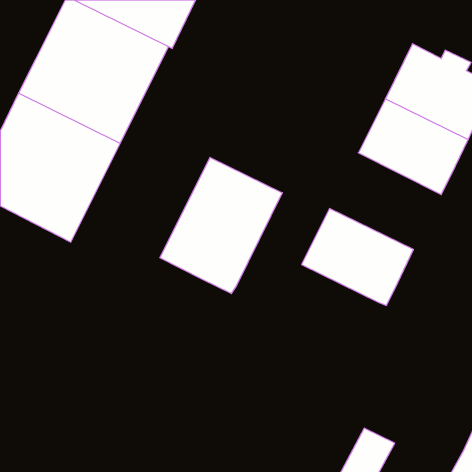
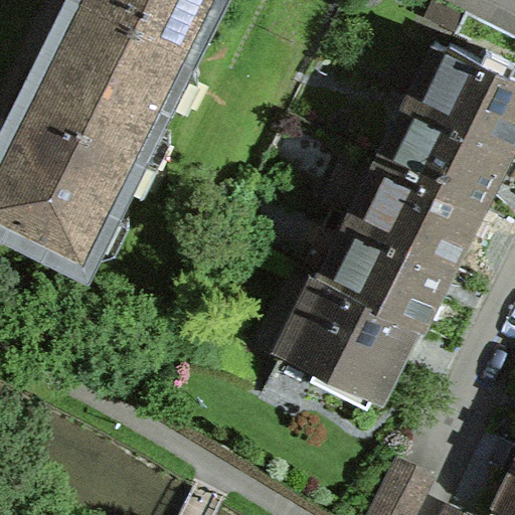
building: none -> [360,169,481,274]
building: [160,157,282,294] -> none
building: none -> [278,281,413,413]

